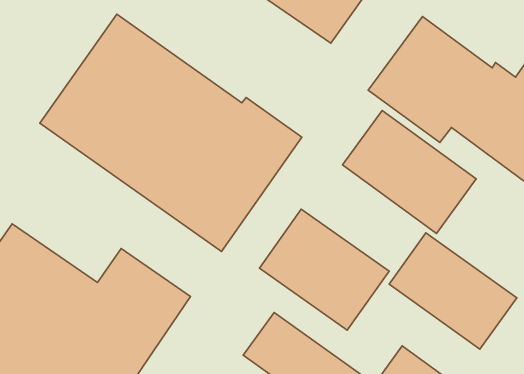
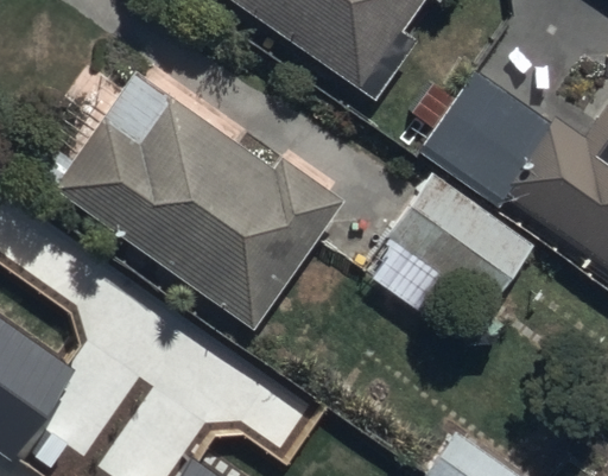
building: [259,209,389,330] -> none
building: [389,233,517,349] -> none

